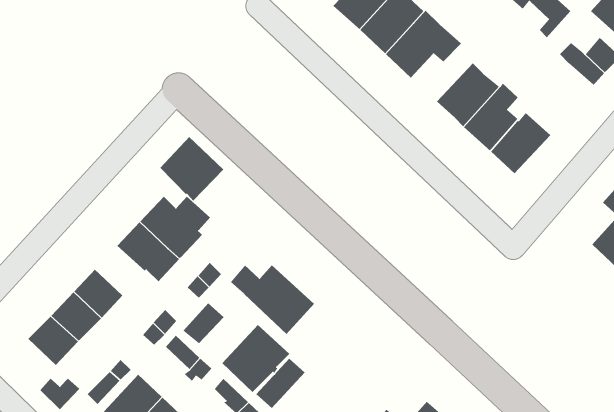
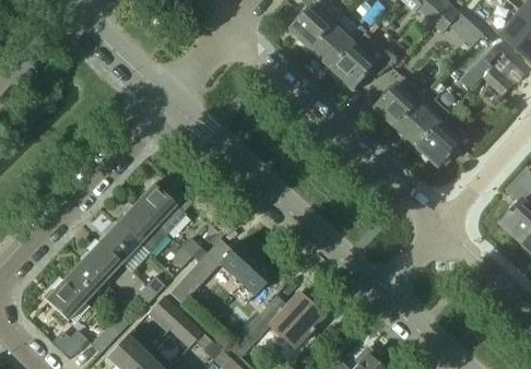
building: [159,136,224,201] -> none
building: none -> [98,225,139,265]
building: [221,324,290,393] -> [269,294,324,349]

